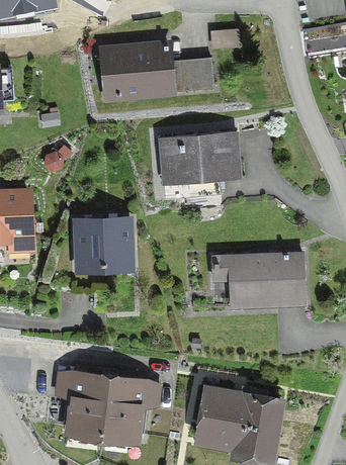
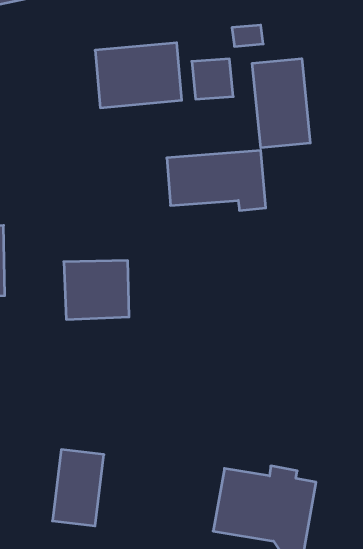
building: none -> [252,59,310,148]
building: [212,253,304,308] -> none
building: [102,378,144,440] -> none

